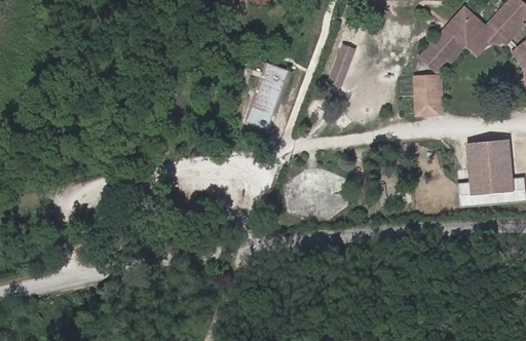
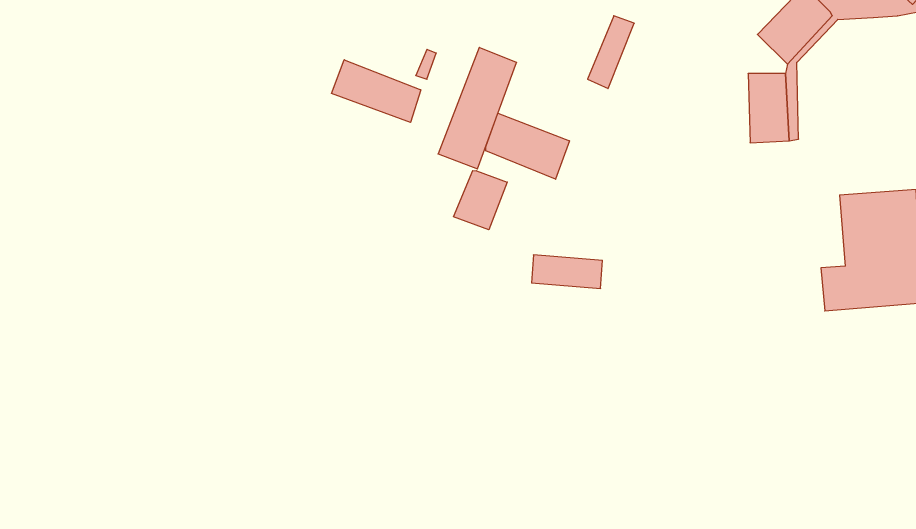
building: none -> [331,60,421,122]
building: none -> [486,113,569,179]
building: none -> [454,171,507,230]

